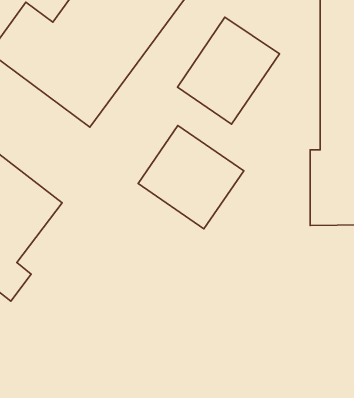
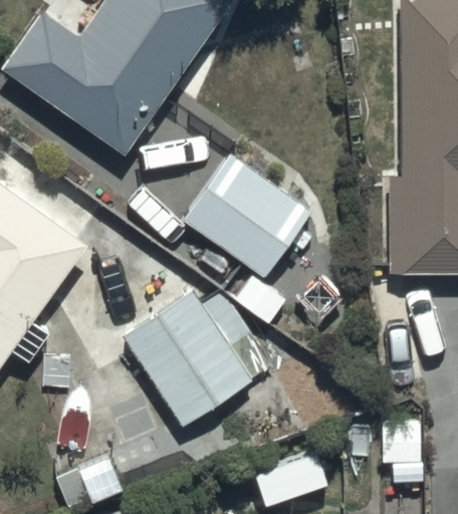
building: [178,17,279,124] -> none
building: none -> [120,284,250,425]

